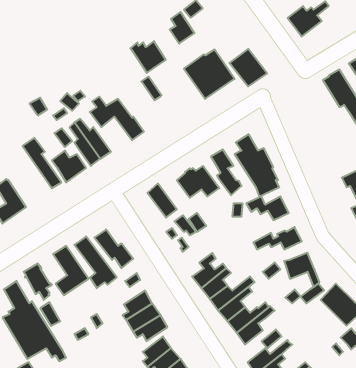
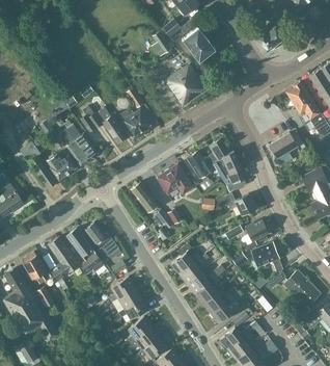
building: [130,41,166,73] -> [120,108,152,136]
building: [229,49,267,86] -> [183,27,216,60]
building: none -> [270,130,307,157]

